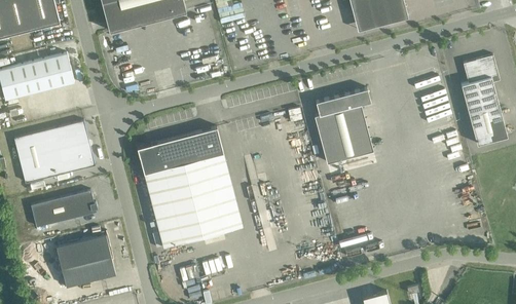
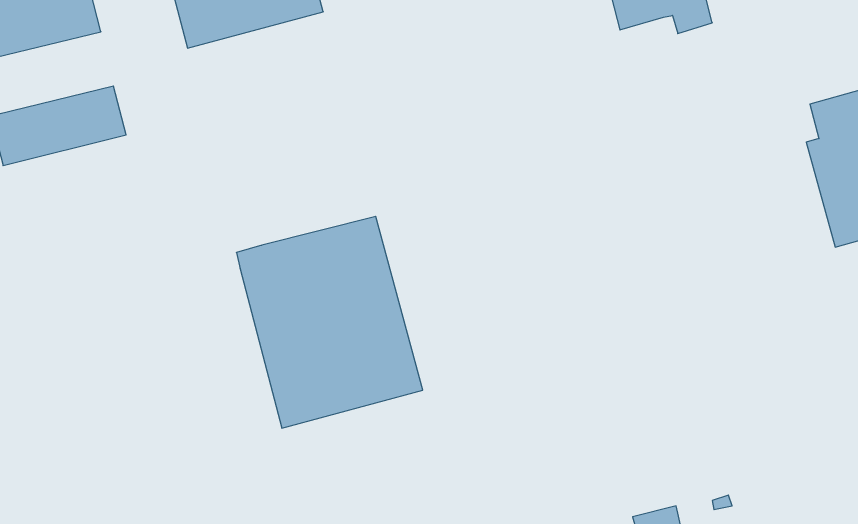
building: [314,89,373,164] -> none
building: [13,122,95,184] -> none
building: [31,191,96,228] -> none
building: [56,236,115,288] -> none

